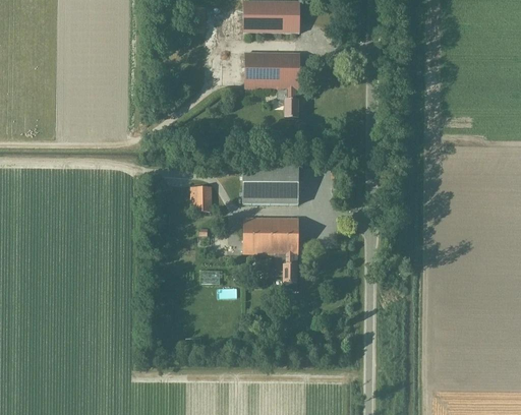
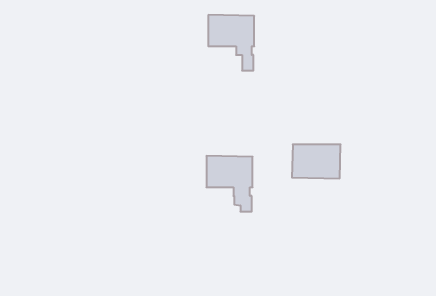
building: [242,164,299,203] -> [292,144,341,178]
building: [191,185,213,211] -> none

